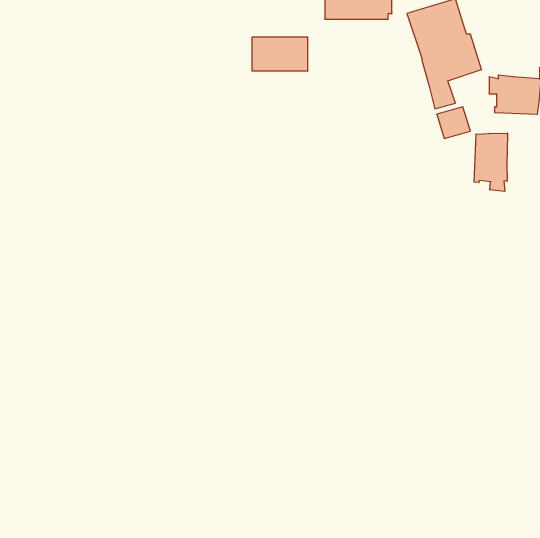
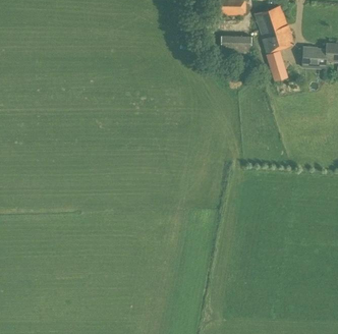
building: [252,37,308,71] -> [219,36,249,54]
building: [474,133,508,191] -> none

